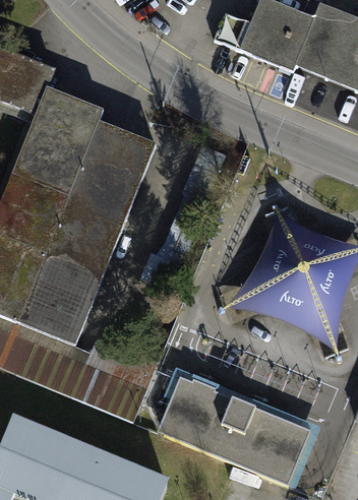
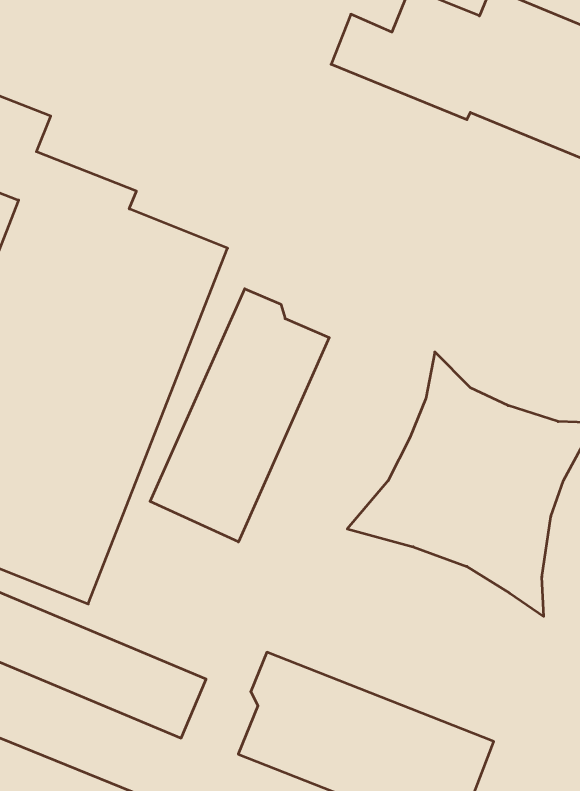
building: none -> [150,289,329,542]

